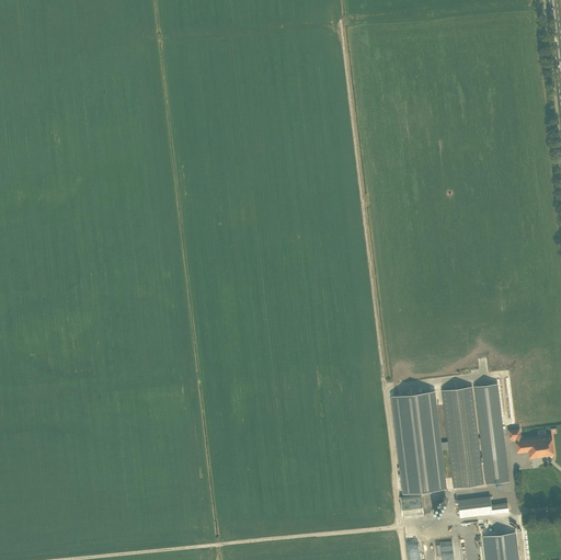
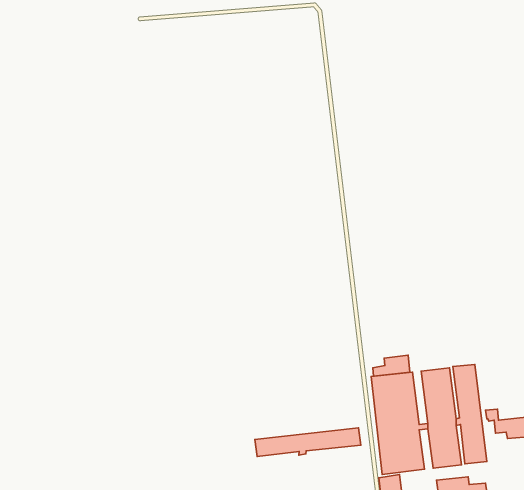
building: none -> [373,355,410,376]
building: none -> [255,428,361,457]

